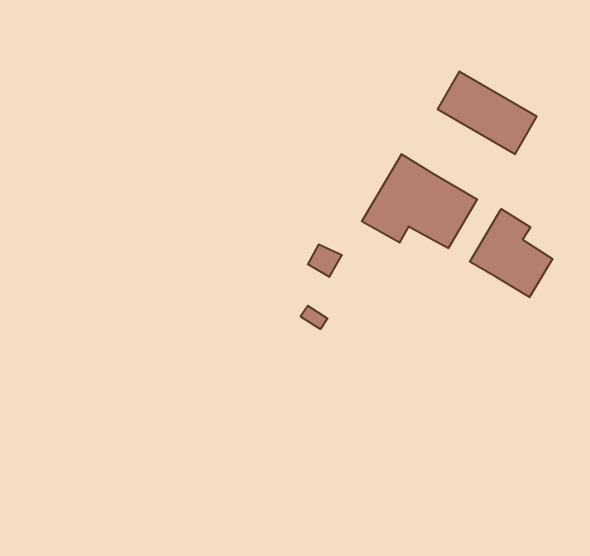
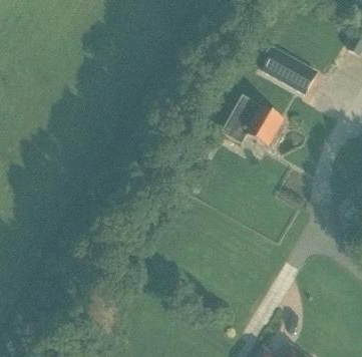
building: [470,209,552,297] -> none

